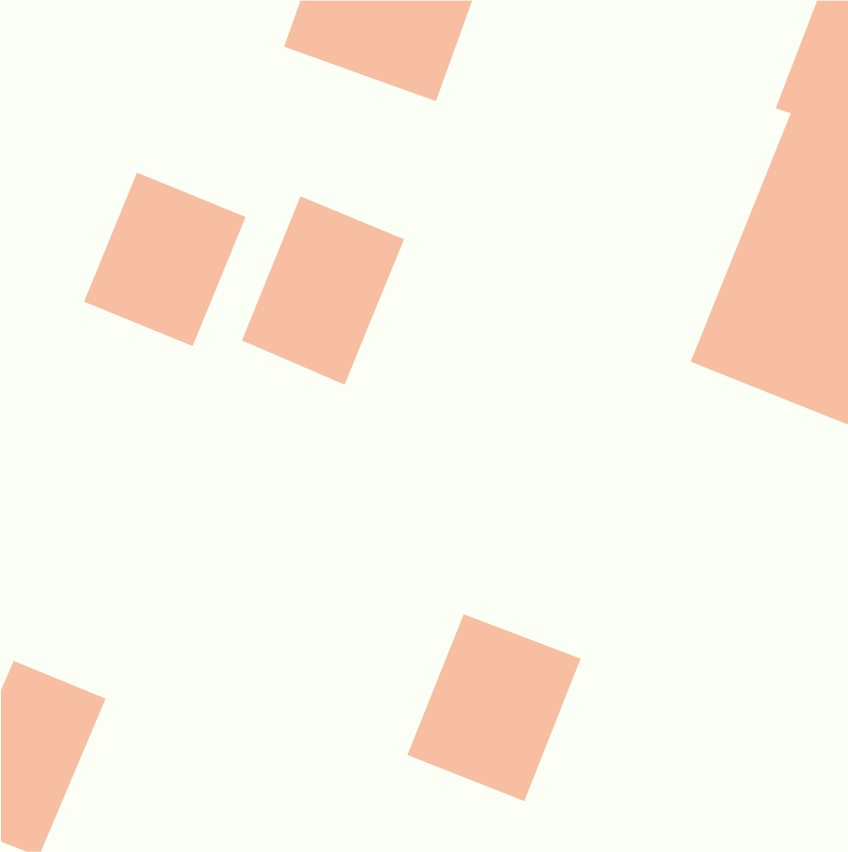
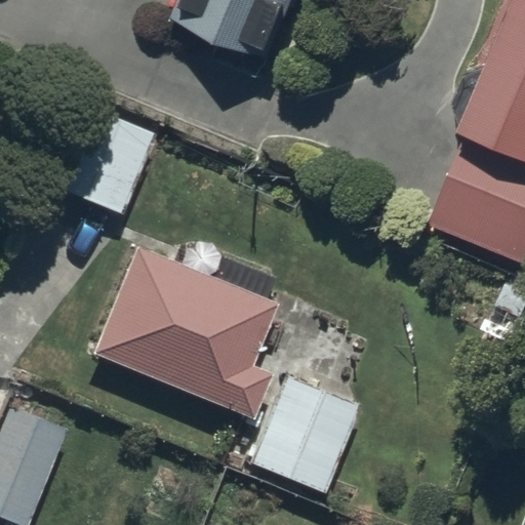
building: [241,196,405,385] -> none
building: none -> [92,246,278,419]

